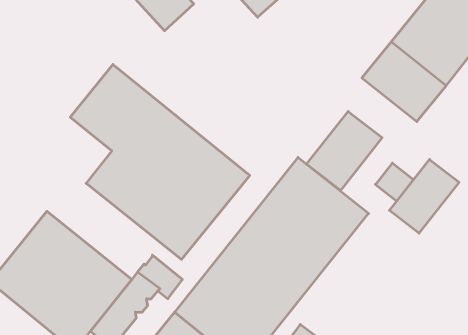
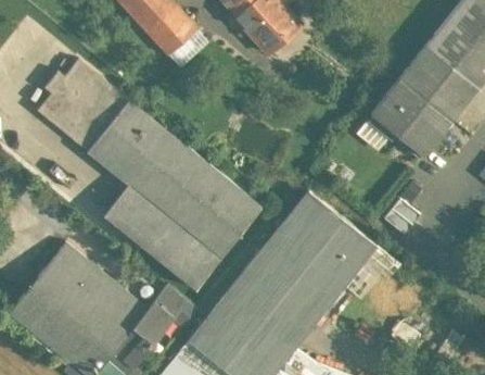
building: none -> [37,59,129,151]
building: [306,111,382,190] -> none
building: [389,159,459,233] -> none

